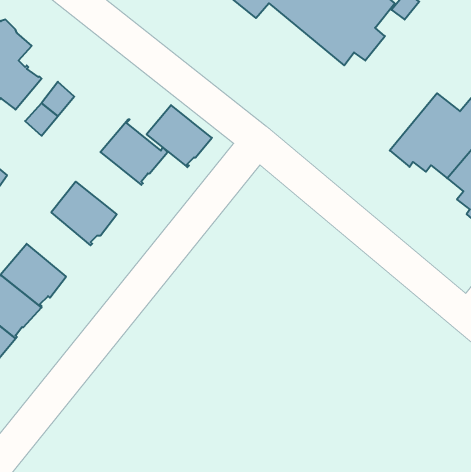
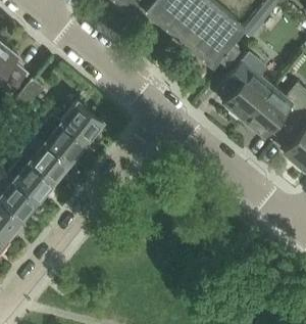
building: none -> [219,47,273,122]
building: [147,105,212,167] -> [48,123,89,161]
building: none -> [10,154,57,200]

